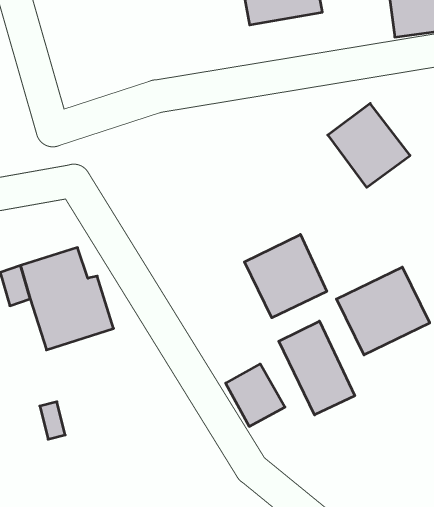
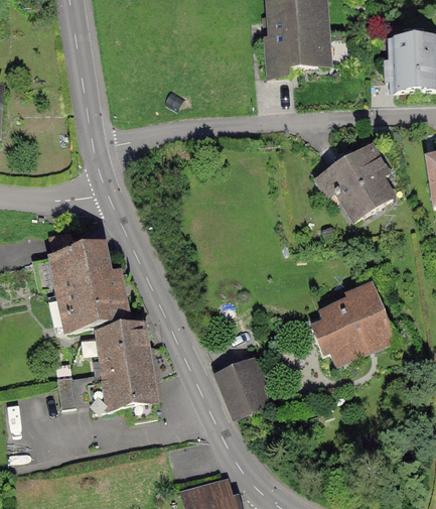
building: [244,234,327,318] -> none
building: [279,321,355,415] -> none
building: none -> [86,320,155,416]

